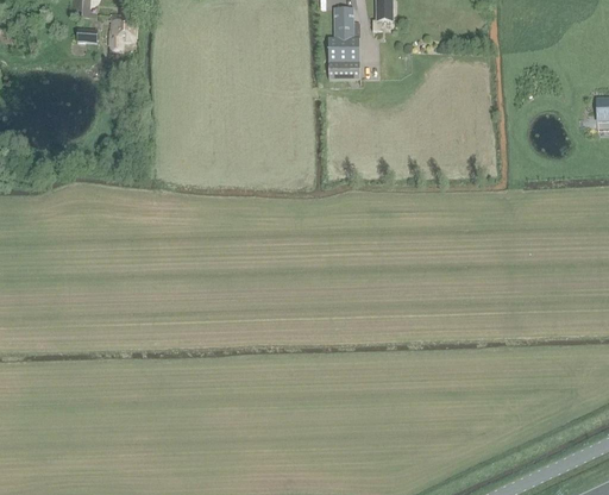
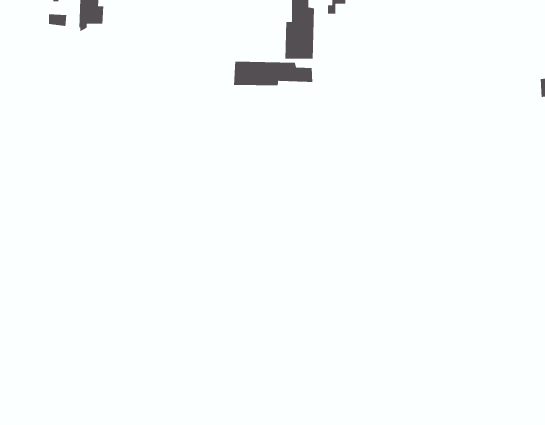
building: none -> [233,61,313,86]

